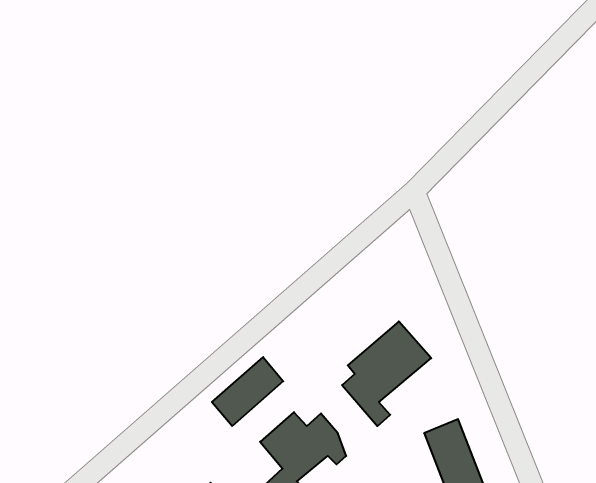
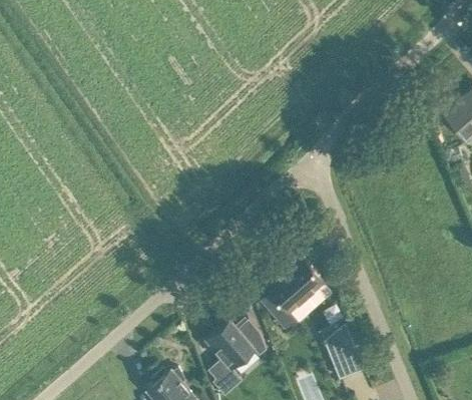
building: [212,357,283,426] -> none

